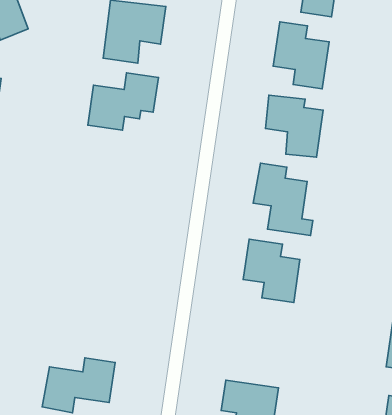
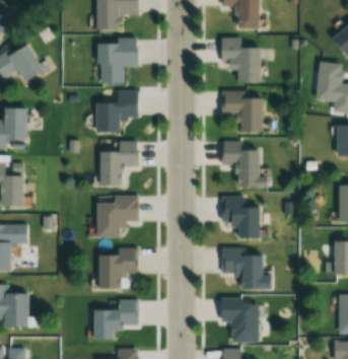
building: none -> [99,141,142,185]
building: none -> [95,196,140,237]
building: none -> [96,246,139,287]
building: none -> [222,247,262,288]

